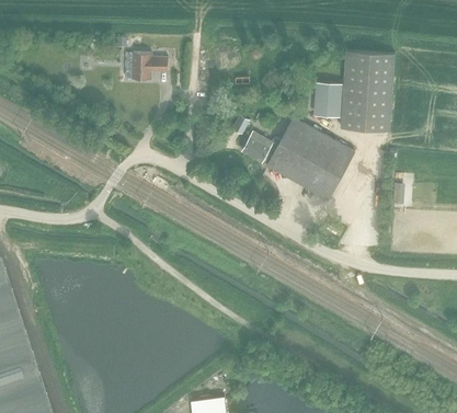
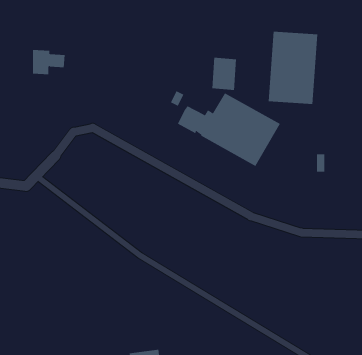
building: [130,53,167,80] -> [32,50,65,75]
building: [312,82,340,118] -> [212,57,237,91]

